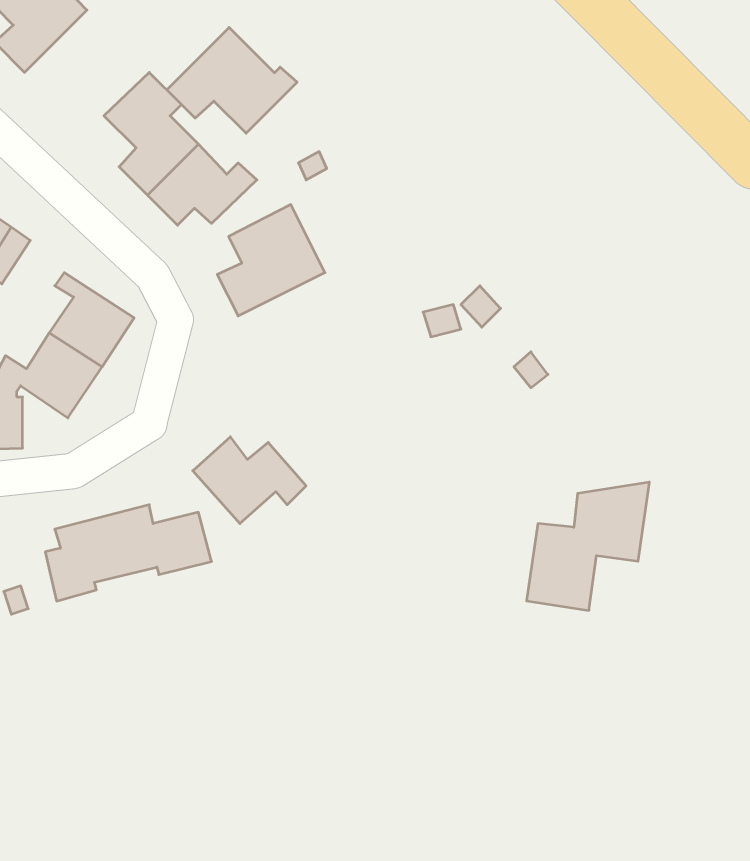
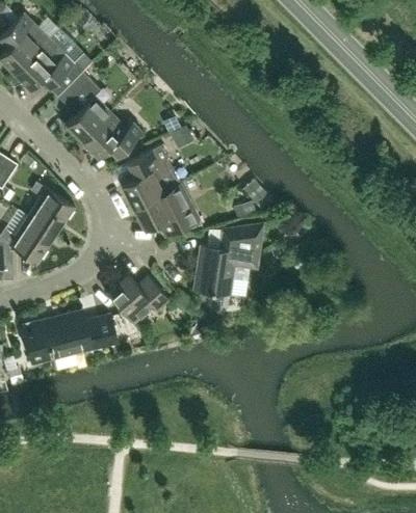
building: [167,27,297,133] -> [15,38,86,97]
building: none -> [132,183,202,237]
building: [527,482,649,610] -> [194,223,262,294]

